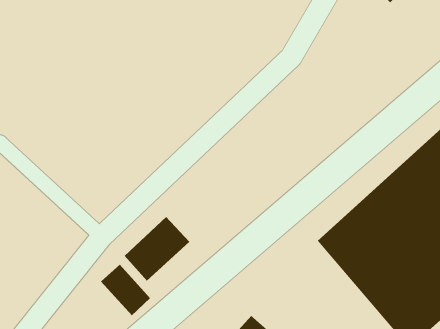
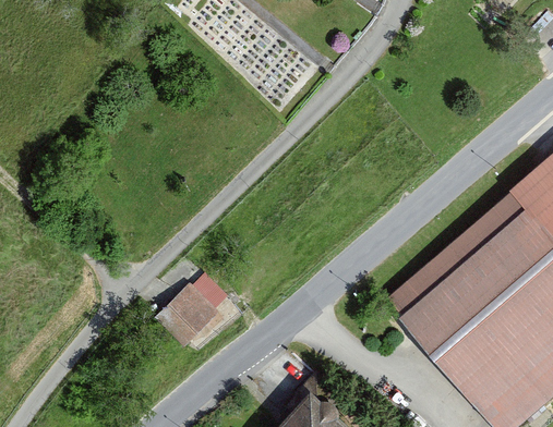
building: [100,264,151,316] -> none

